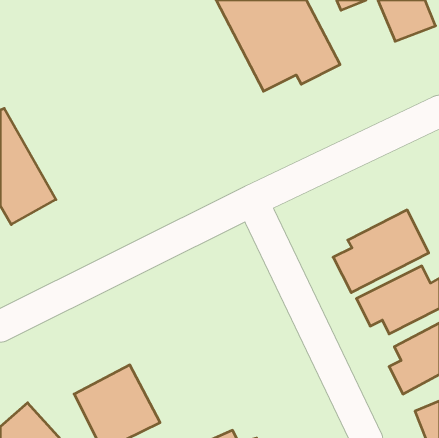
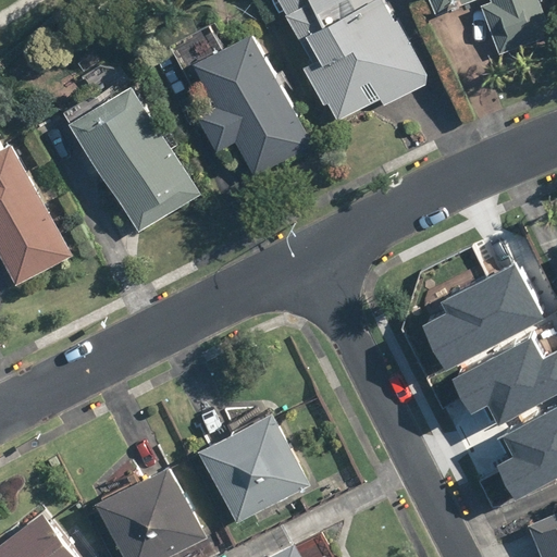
building: none -> [164,23,311,175]
building: none -> [65,83,200,234]
building: none -> [195,411,308,523]

